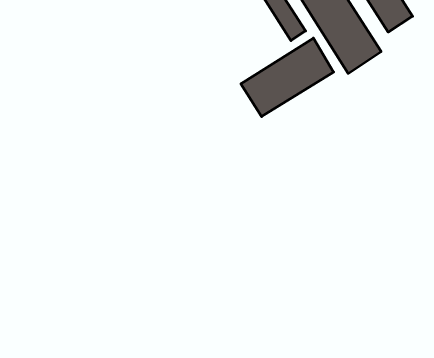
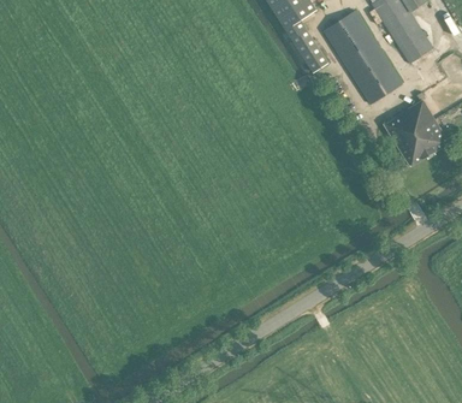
building: [241,38,334,117] -> none
building: none -> [383,97,449,165]

